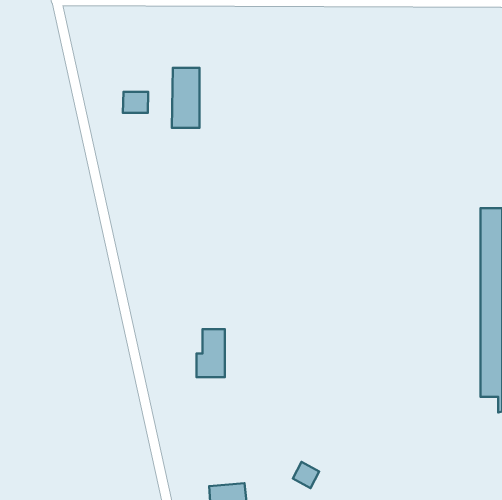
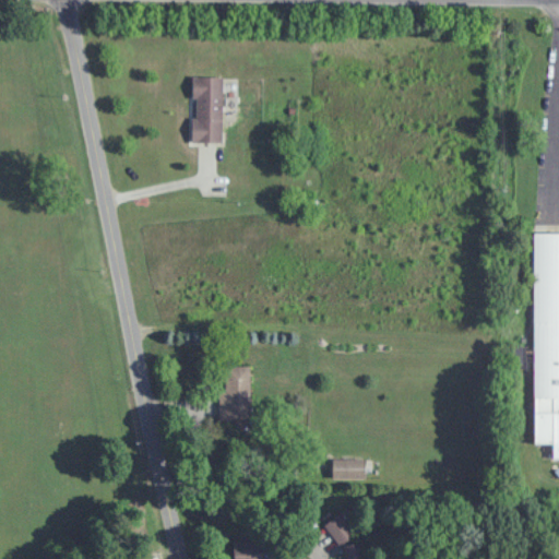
building: [123,92,148,113] -> none
building: none -> [332,461,364,479]

